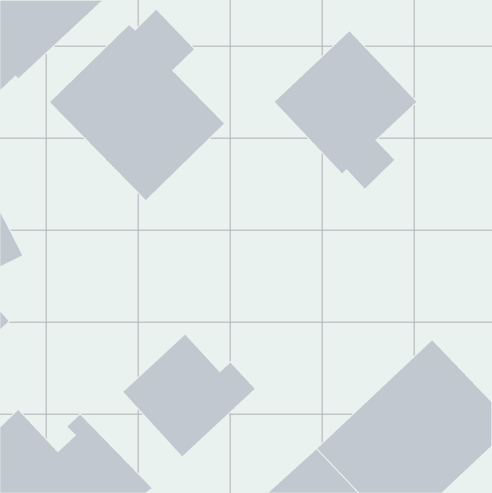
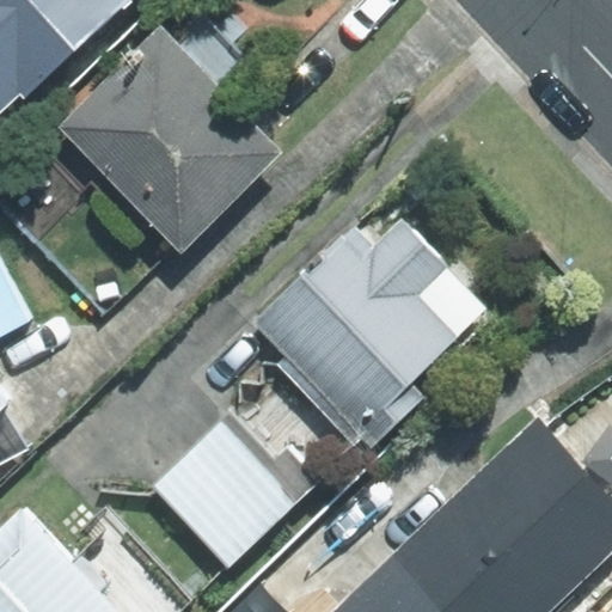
building: [274,30,417,189] -> none
building: none -> [253,218,490,447]

